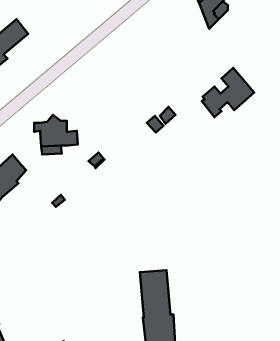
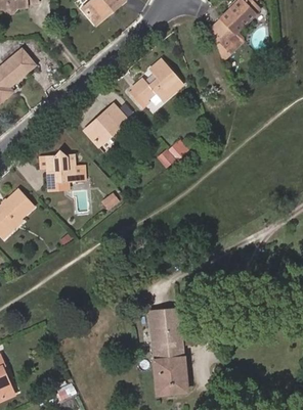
building: [202,68,254,117] -> [128,58,182,109]
building: none -> [83,104,128,147]

